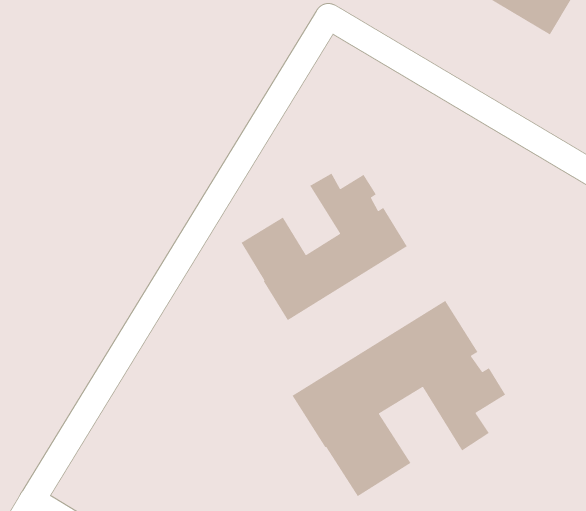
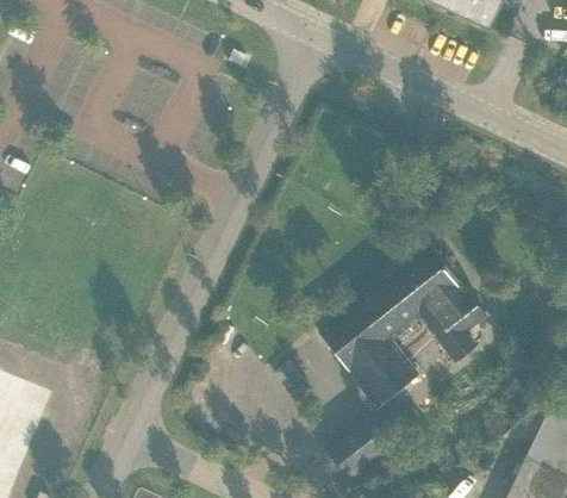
building: [241,172,408,321] -> none

